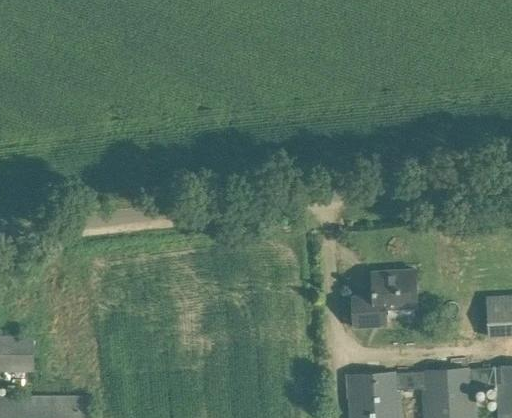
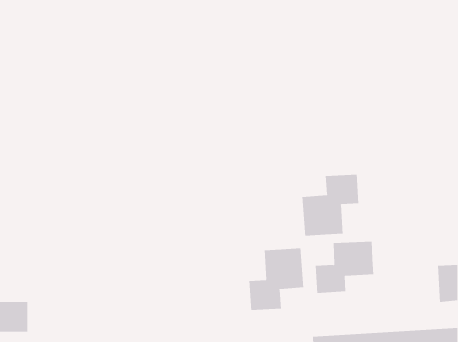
building: none -> [302,174,359,237]
building: none -> [249,248,304,311]

